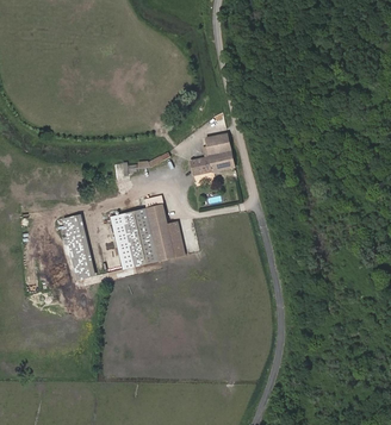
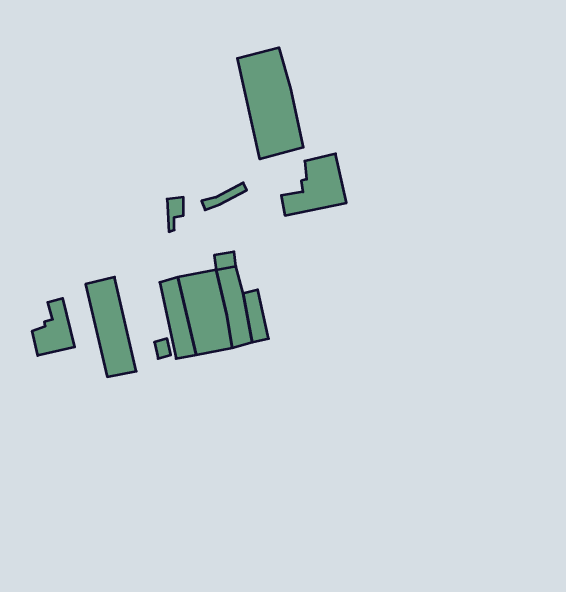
building: none -> [237,48,303,159]
building: none -> [32,298,75,356]

